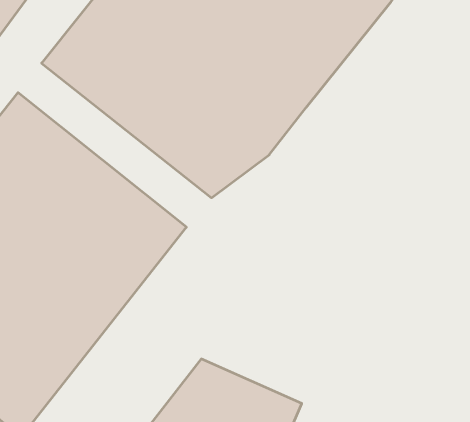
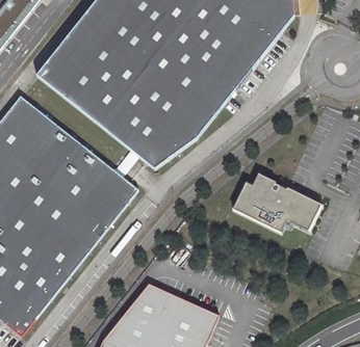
building: none -> [230,172,319,233]

